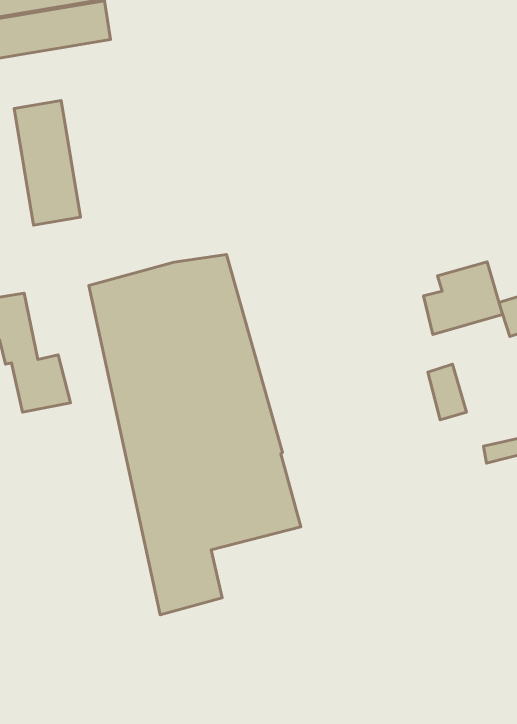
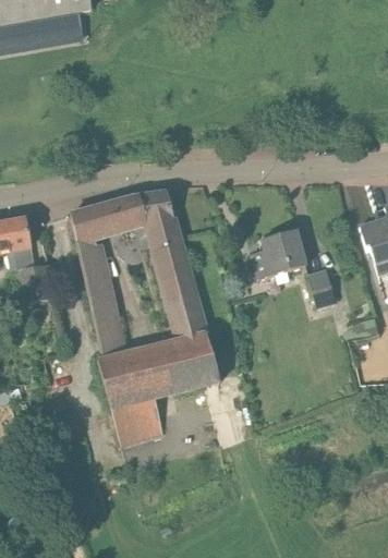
building: [14,101,80,225] -> none
building: [424,262,502,335] -> [251,229,306,280]

